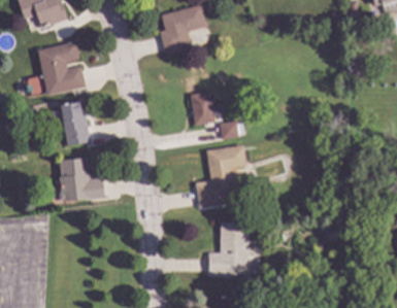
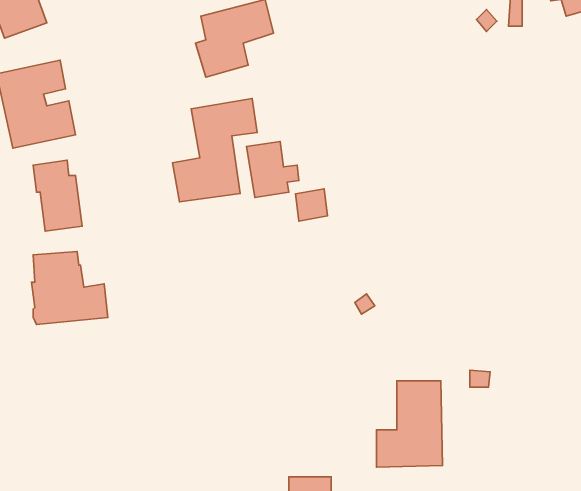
building: [195,144,246,207] -> [173,99,257,202]
building: [208,223,249,275] -> [377,381,442,467]

